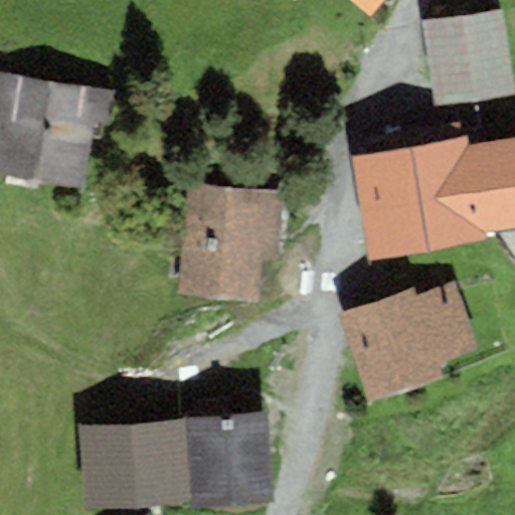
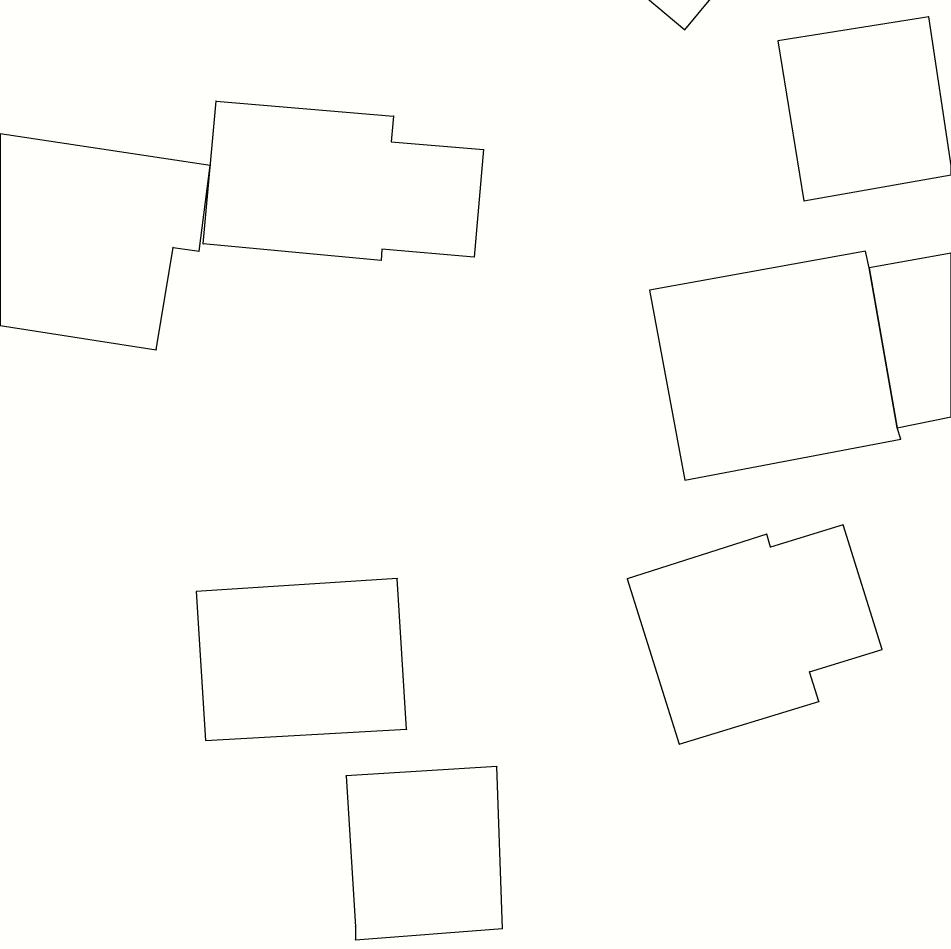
building: none -> [203,101,484,260]
building: [177,182,284,303] -> none
building: [78,419,192,507] -> [196,579,407,740]

